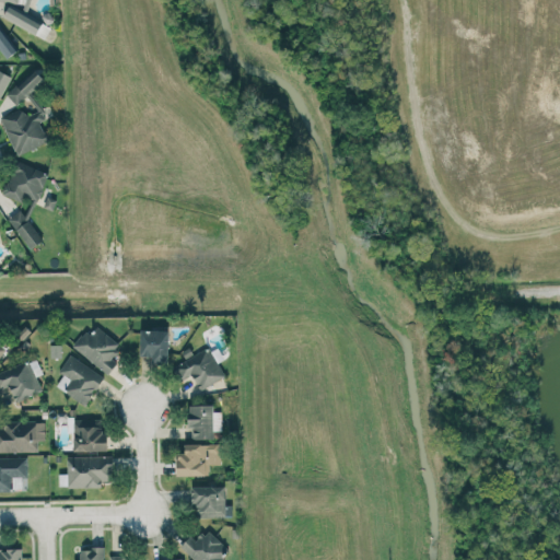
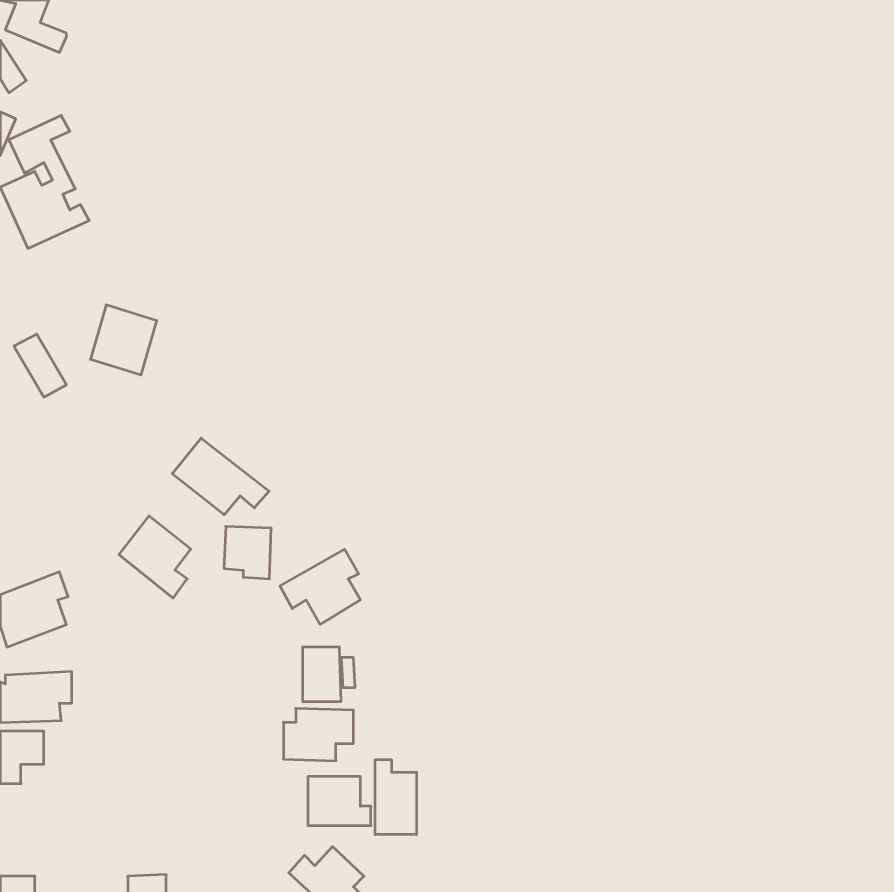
building: [4,162,46,206] -> [90,305,157,375]
building: none -> [172,438,269,515]
building: [56,355,104,406] -> none
building: [73,420,105,452] -> none
building: [68,456,113,488] -> none
building: none -> [375,760,416,835]

